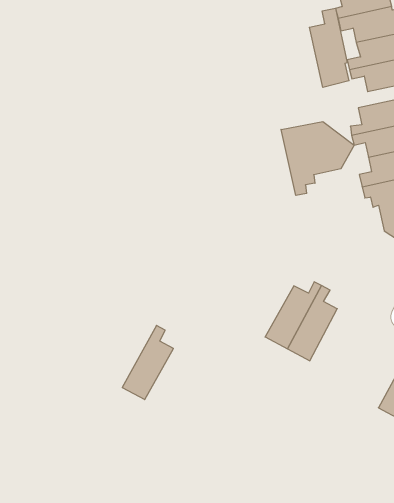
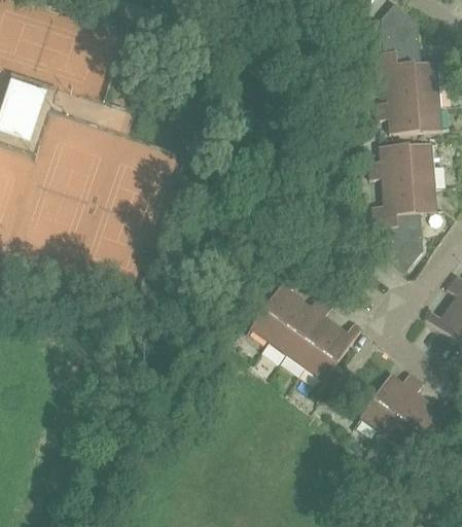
building: [309,8,349,87] -> none
building: [281,122,354,195] -> none
building: none -> [304,322,360,380]
building: [122,325,173,400] -> [248,275,298,340]

